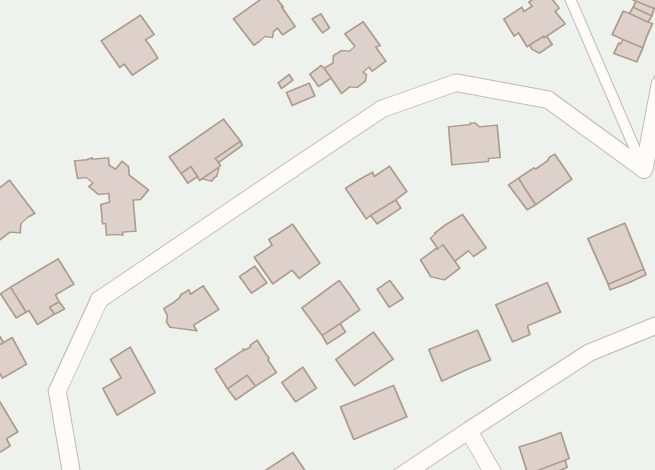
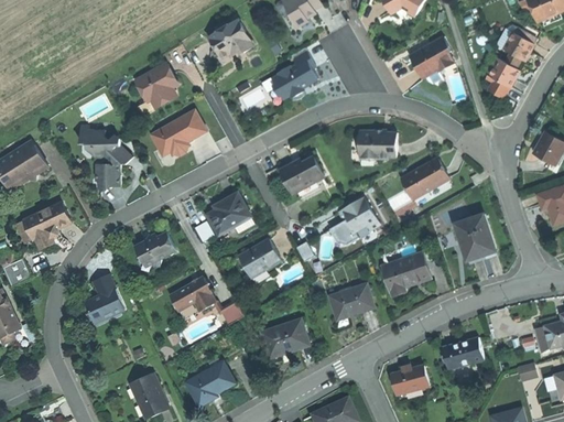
building: [101,15,158,75] -> [134,64,175,108]
building: [336,332,393,386] -> none
building: none -> [441,337,484,370]

